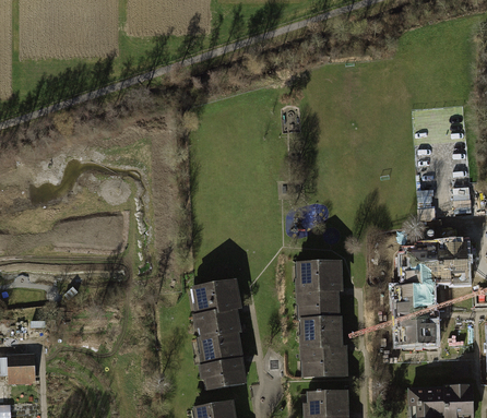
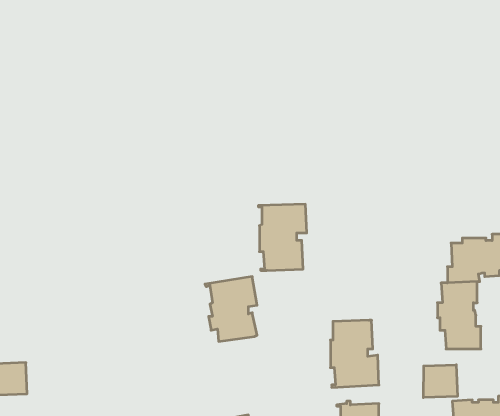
building: [297,262,340,320] -> [258,204,307,270]
building: [198,333,243,389] -> none
building: none -> [423,365,457,398]

